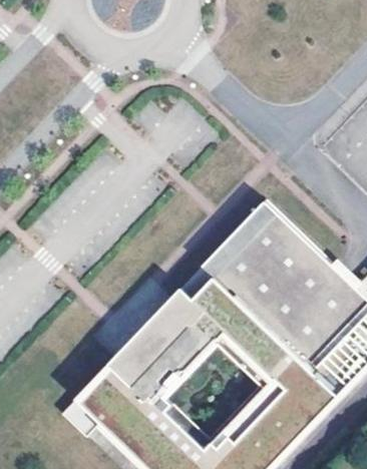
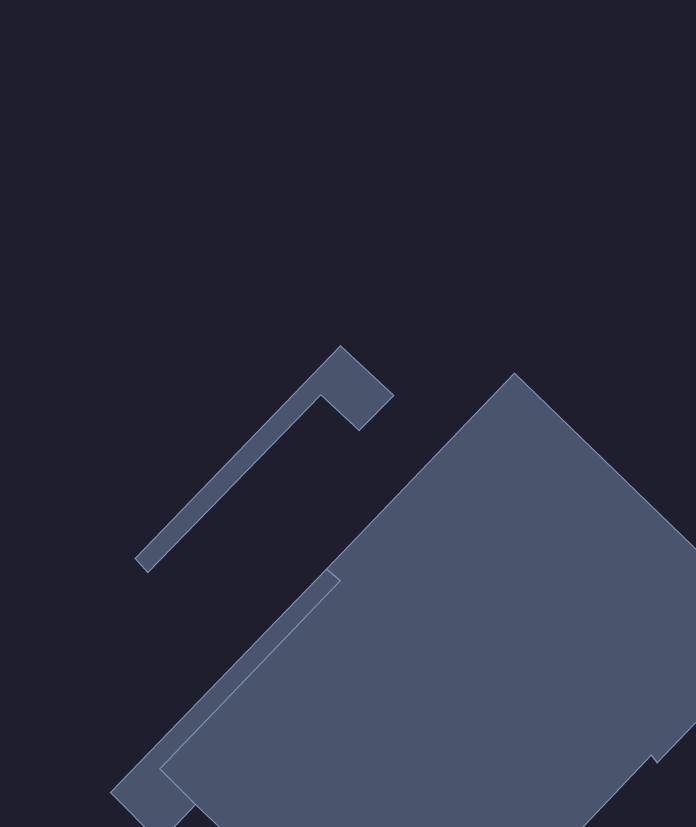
building: none -> [135,346,394,573]

